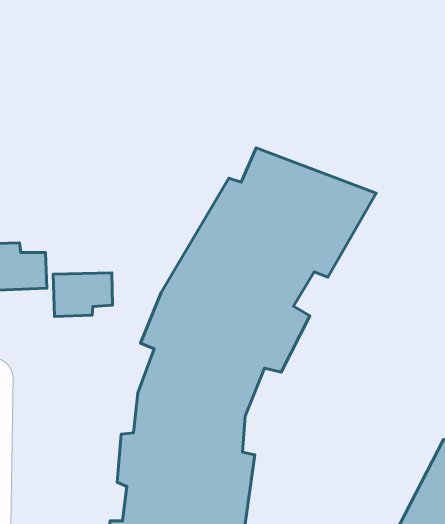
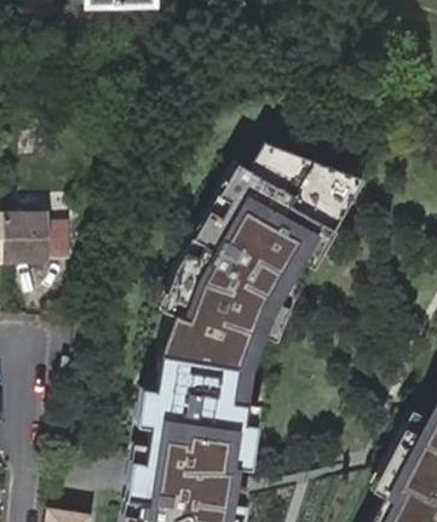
building: [53,273,112,316] -> none

